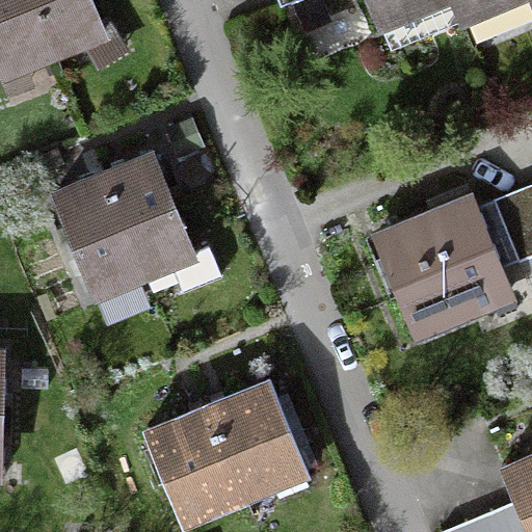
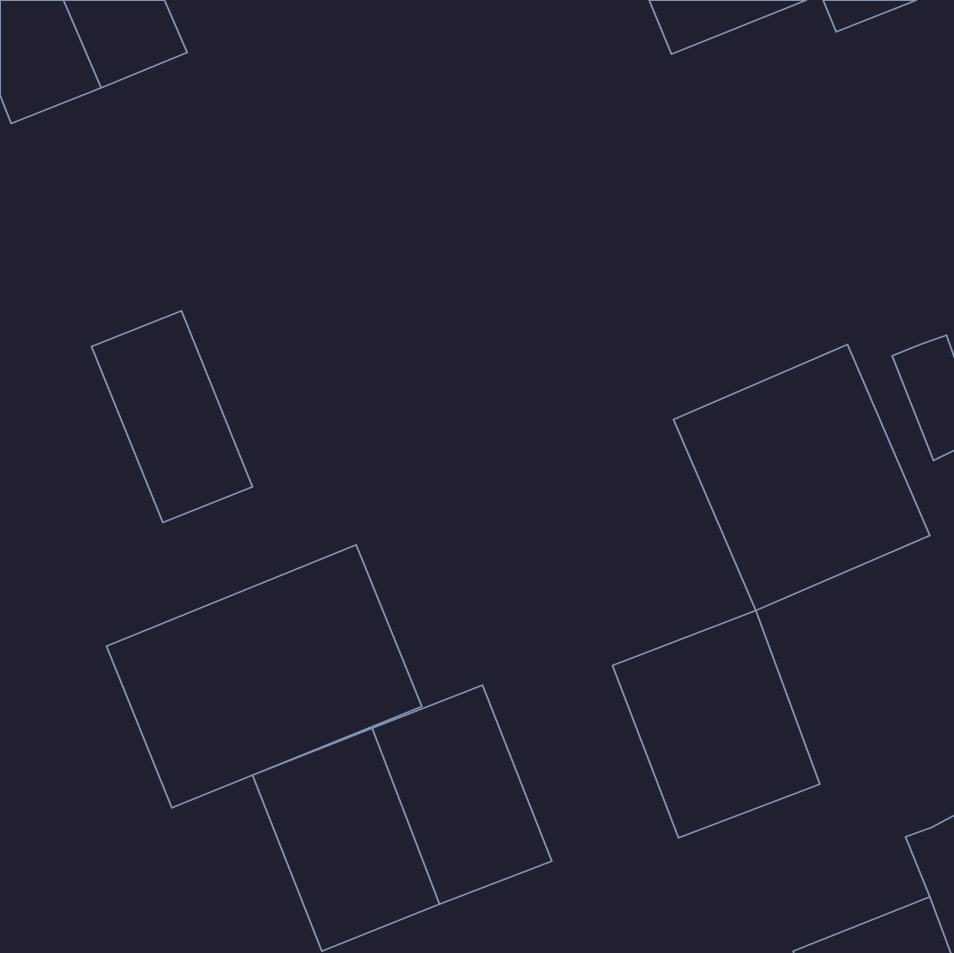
building: [102,154,193,272] -> none
building: none -> [106,545,422,808]
building: none -> [612,610,820,838]

